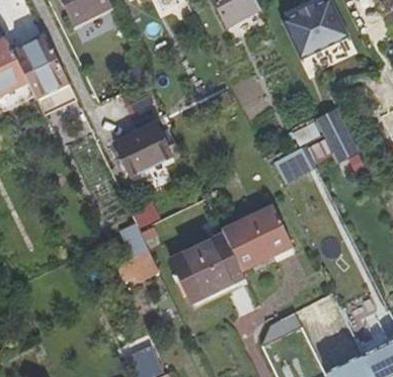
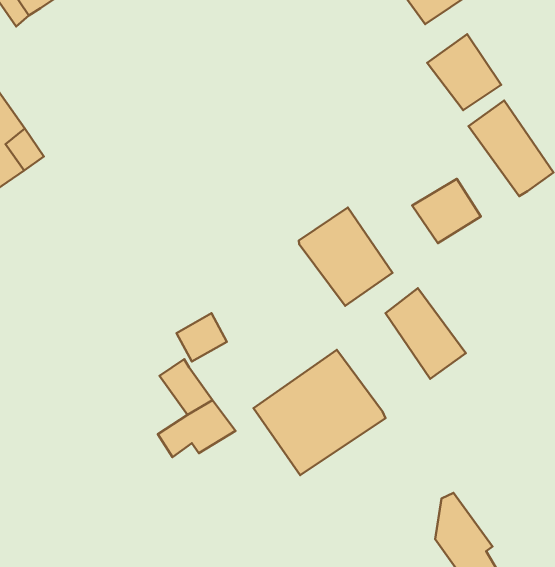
building: none -> [427,34,501,110]
building: [114,124,170,175] -> none
building: [223,216,272,271] -> [299,207,393,306]

